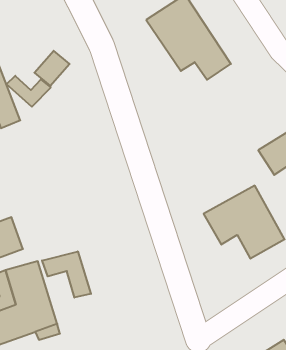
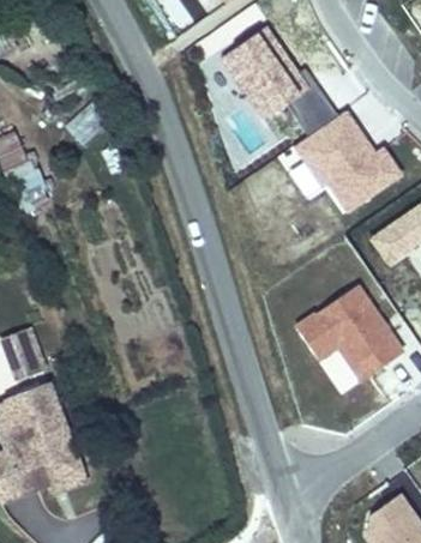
building: none -> [295,107,398,215]
building: [6,76,51,107] -> none
building: [42,251,91,298] -> none

